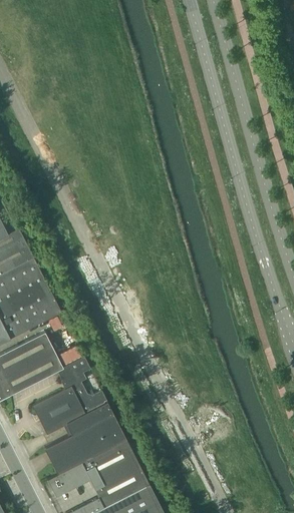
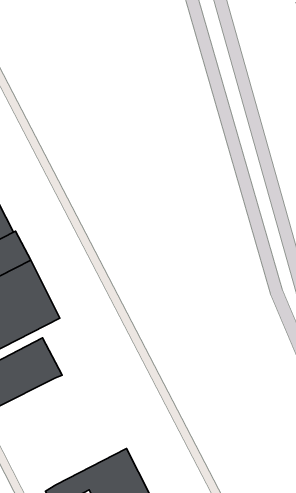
building: [32,357,125,474] -> none

